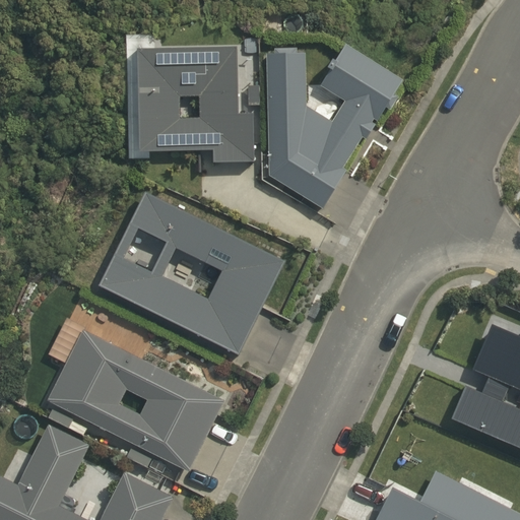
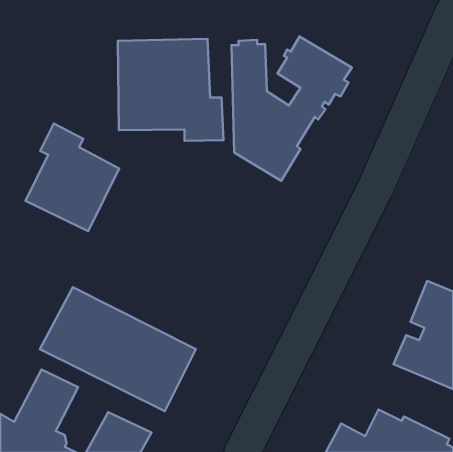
building: none -> [26,124,119,231]
building: [96,191,286,354] -> none

